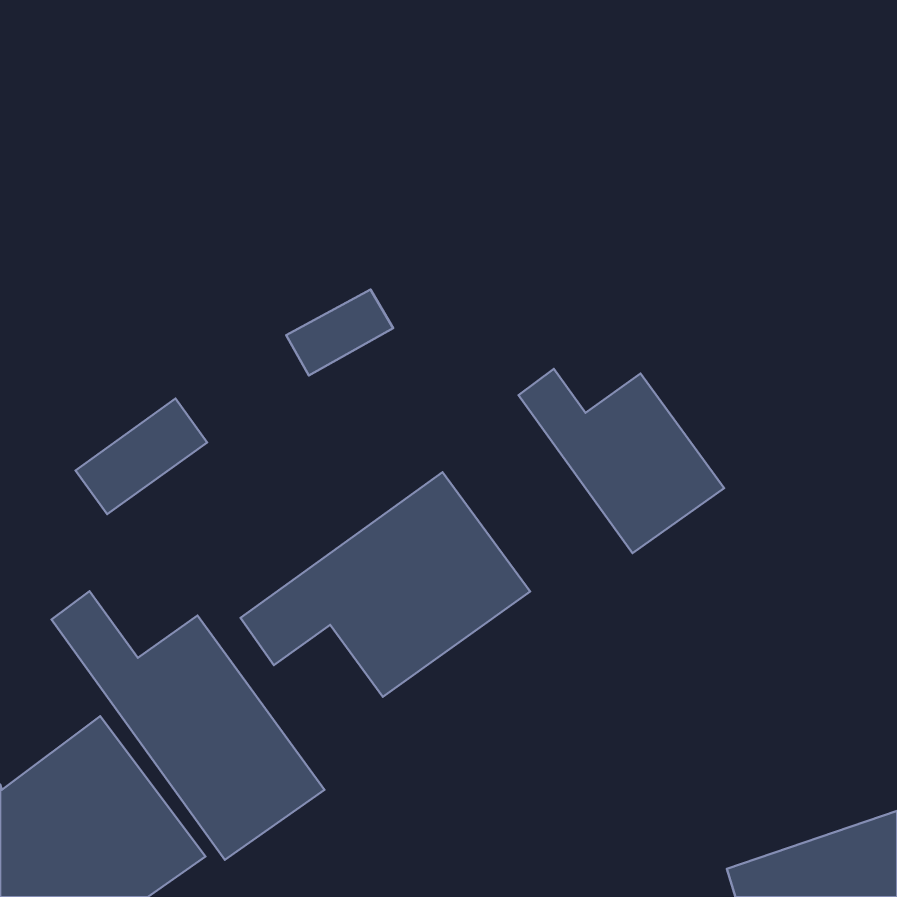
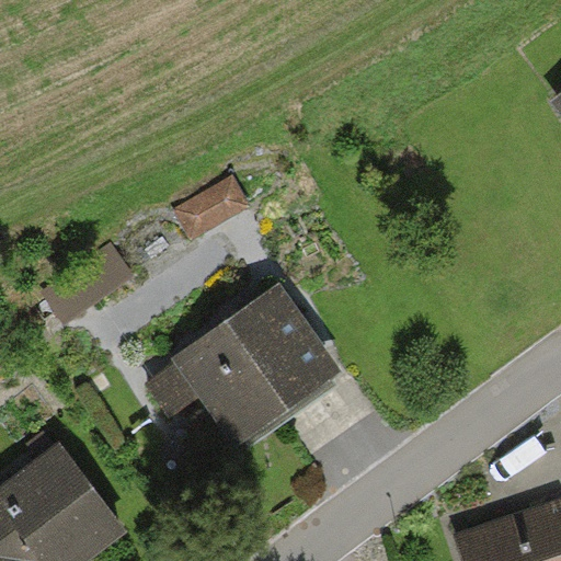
building: [518,369,724,553] -> none
building: [52,591,324,860] -> none

